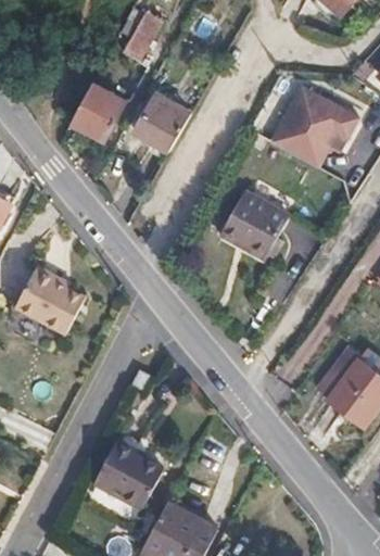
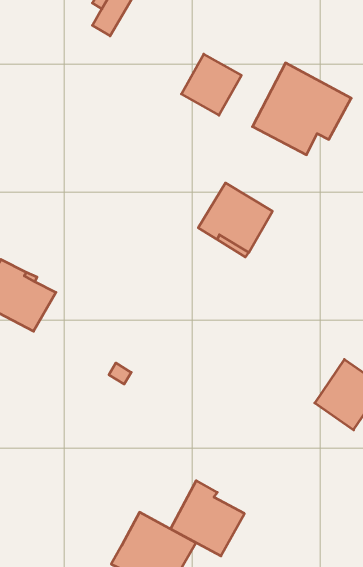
building: [73,81,125,139] -> none
building: [136,92,191,149] -> [181,54,241,115]
building: [93,435,162,505] -> [170,481,244,556]

